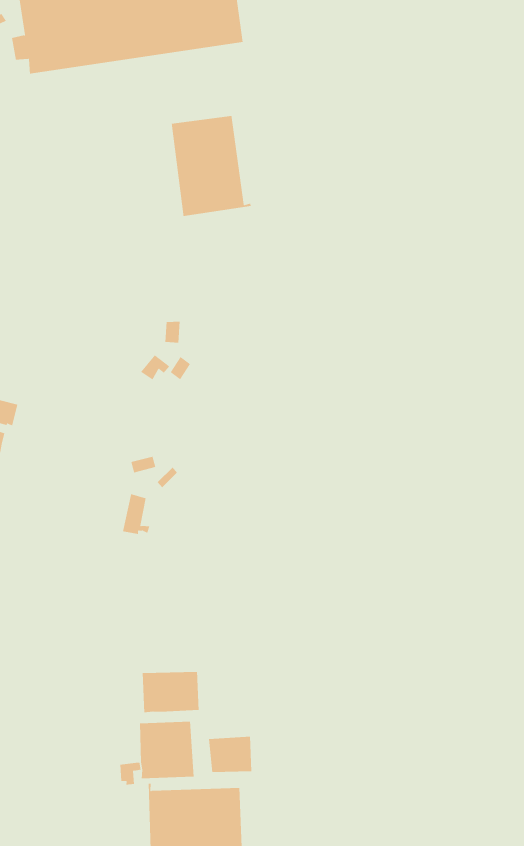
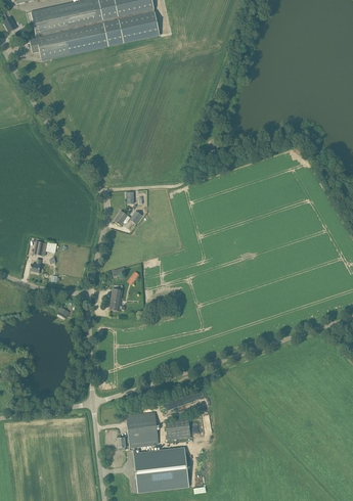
building: [171,115,251,217] -> none
building: [142,671,199,713] -> none

